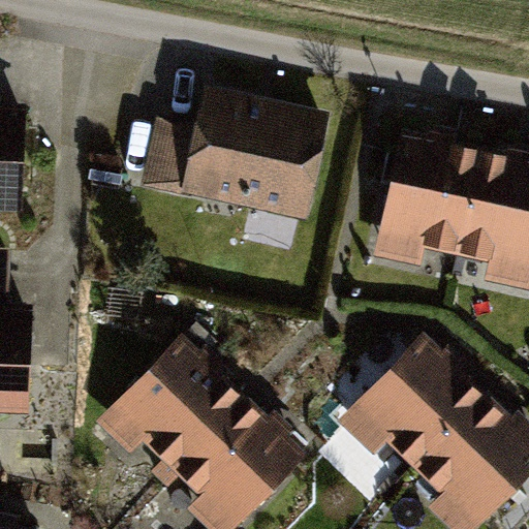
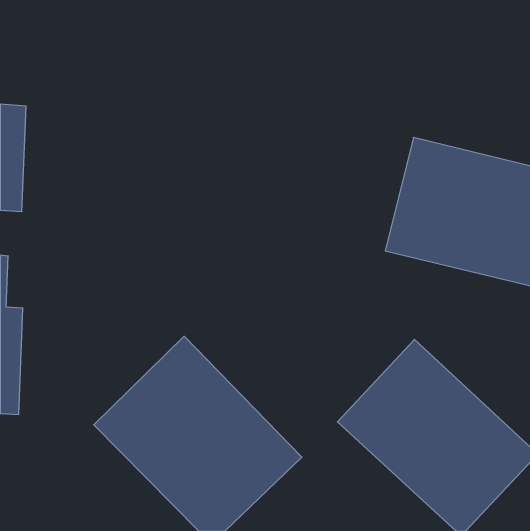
building: [154,85,336,224] -> none

